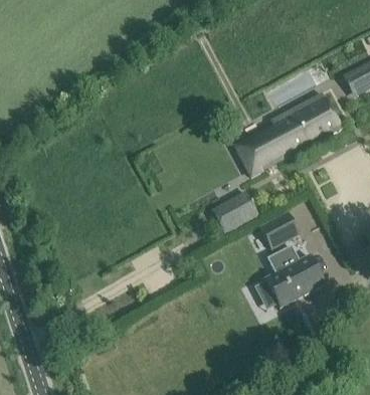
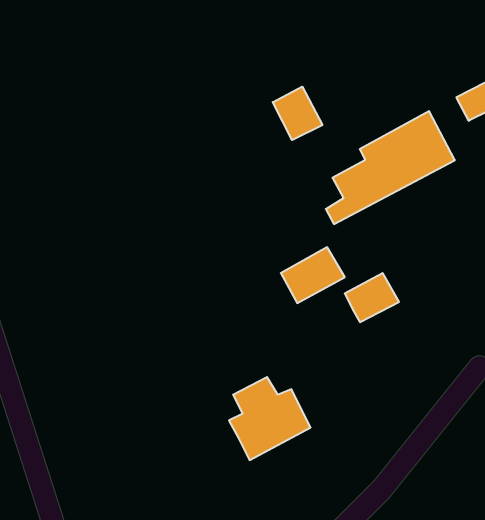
building: none -> [273,87,322,140]
building: [264,244,325,306] -> [229,377,311,460]

